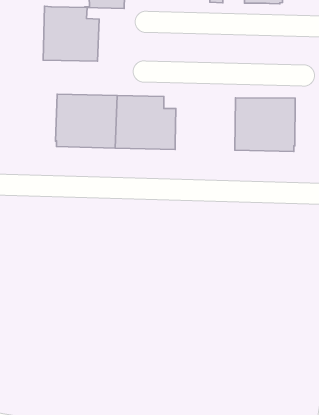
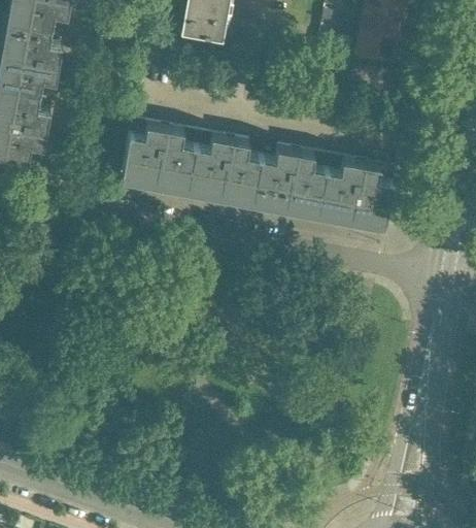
building: [43,6,99,61] -> none
building: none -> [253,152,330,219]

